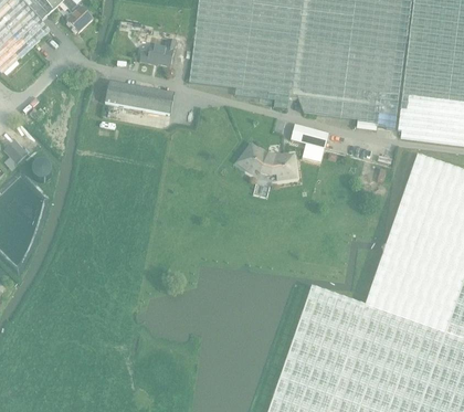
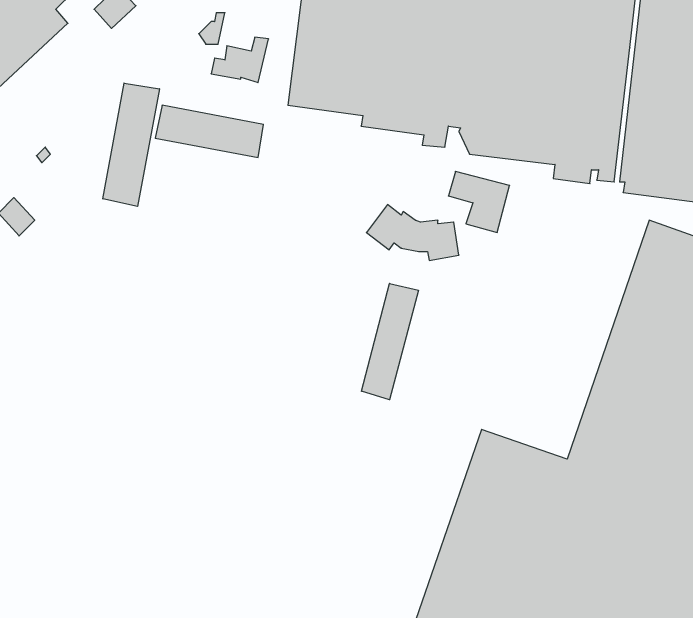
building: none -> [103,83,159,206]
building: none -> [361,283,418,400]

